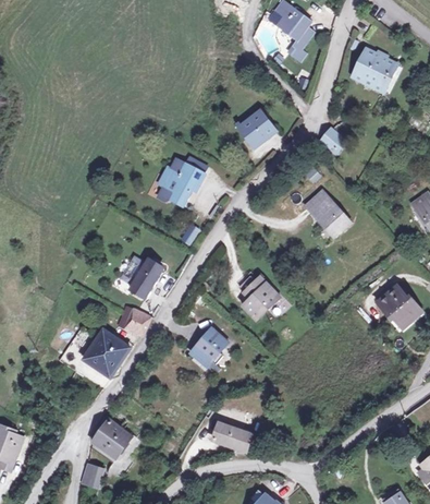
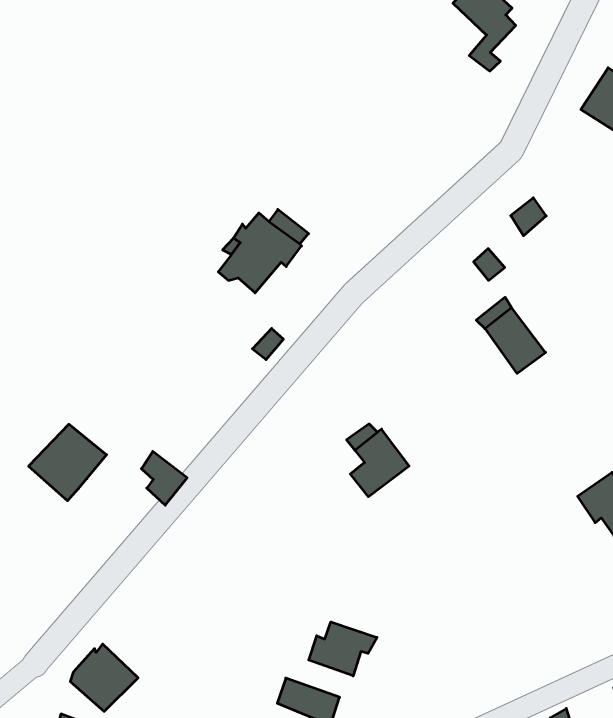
building: [234,112,272,145] -> none
building: [125,259,162,296] -> none
building: [193,327,228,363] -> none
building: [85,329,130,374] -> [29,424,107,501]
building: none -> [309,622,377,676]

